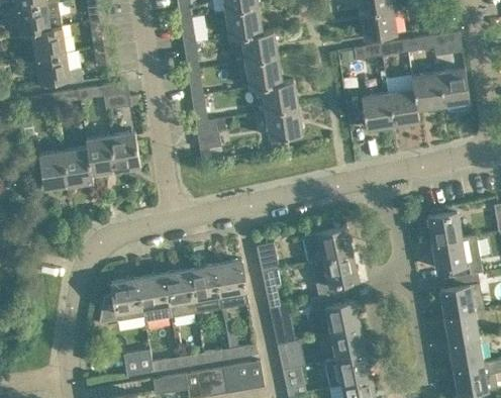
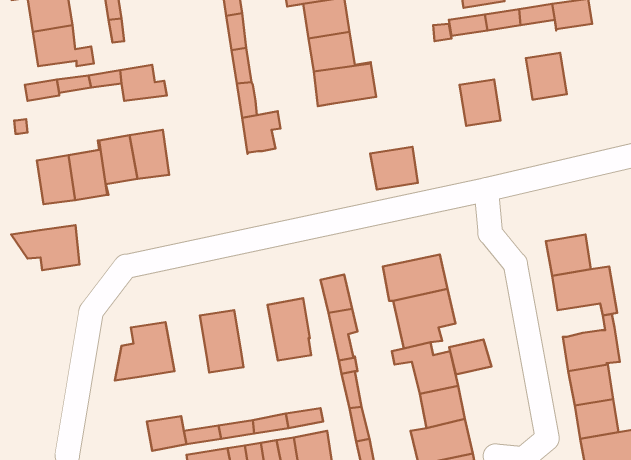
building: [438,70,470,105] -> none
building: [388,90,419,125] -> none
building: [266,107,302,139] -> [370,147,418,189]
building: none -> [11,225,79,270]
building: [190,266,223,313] -> none
building: [137,274,171,322] -> none
building: none -> [449,340,491,375]

